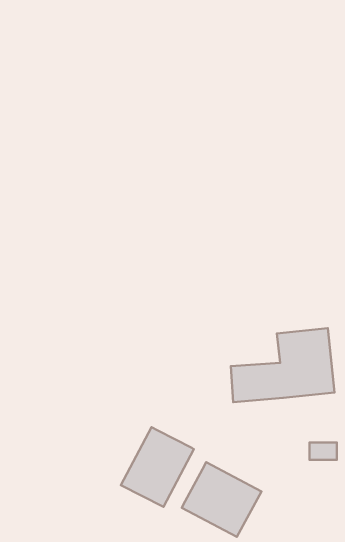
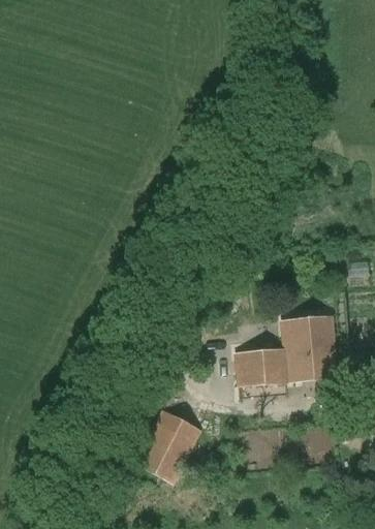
building: [182,462,261,537] -> none

